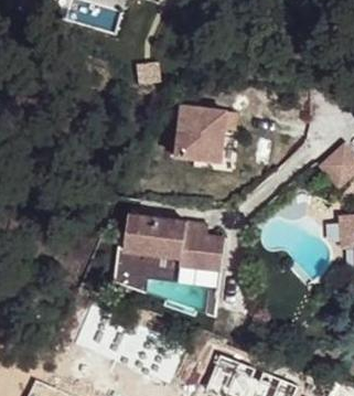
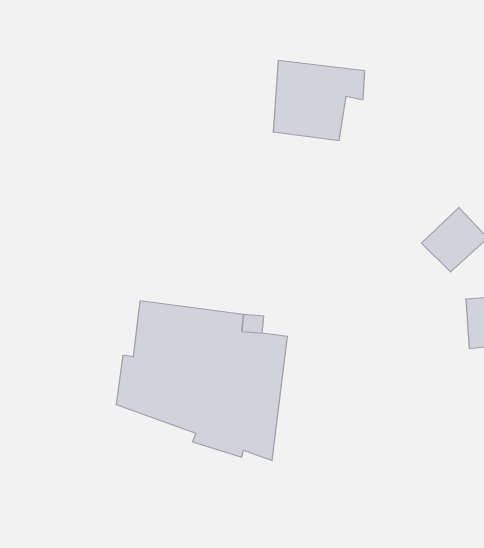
building: [171,116,230,168] -> [273,61,365,140]

